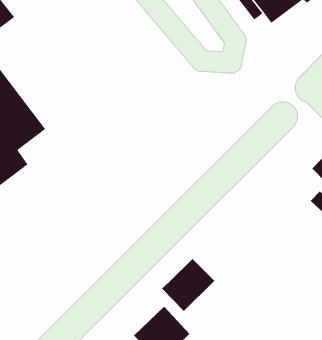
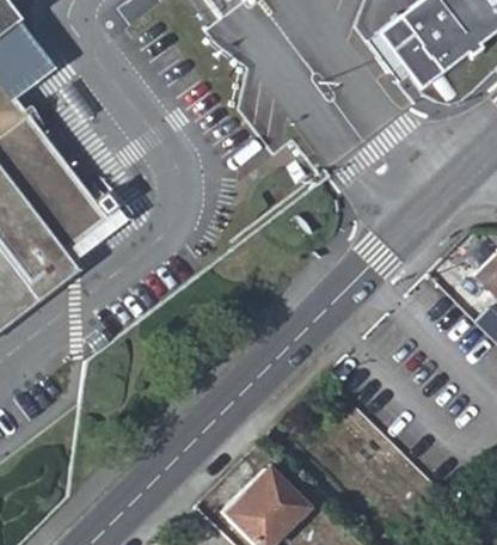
building: [161,258,215,312] -> none

